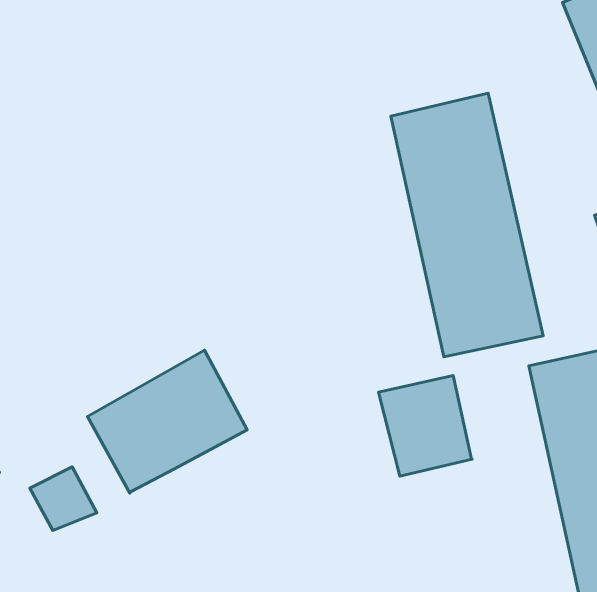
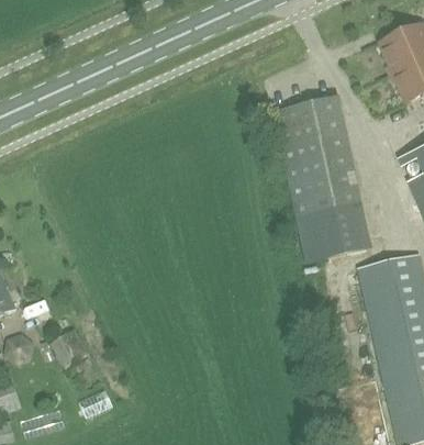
building: [88,350,247,493] -> none
building: [379,375,472,476] -> none

